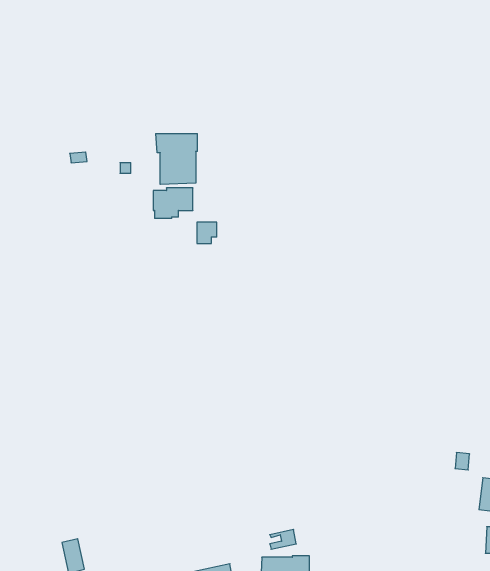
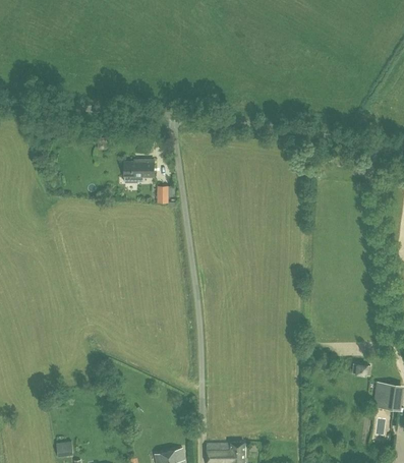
building: [156,134,197,184] -> none

